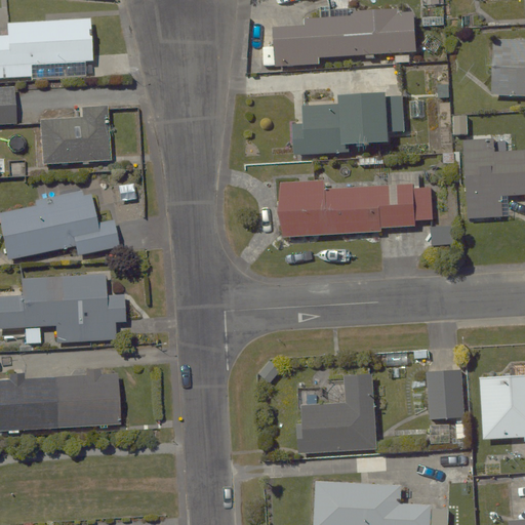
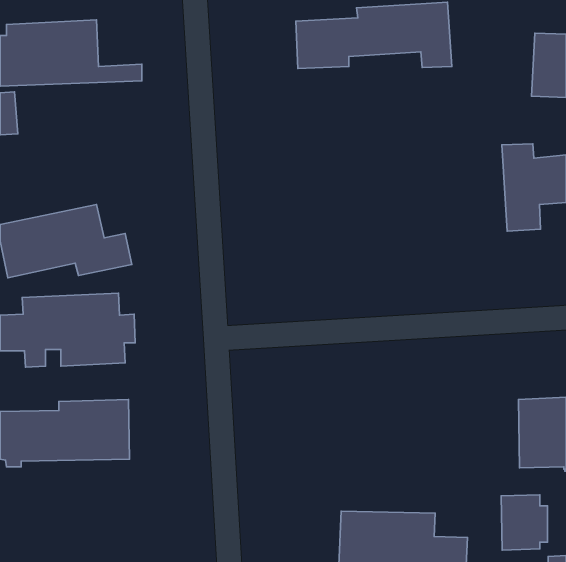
building: [286,88,408,155] -> none
building: [40,105,109,165] -> none
building: [277,177,440,235] -> none
building: [427,368,470,419] -> [501,495,548,550]
building: [296,370,378,452] -> none

